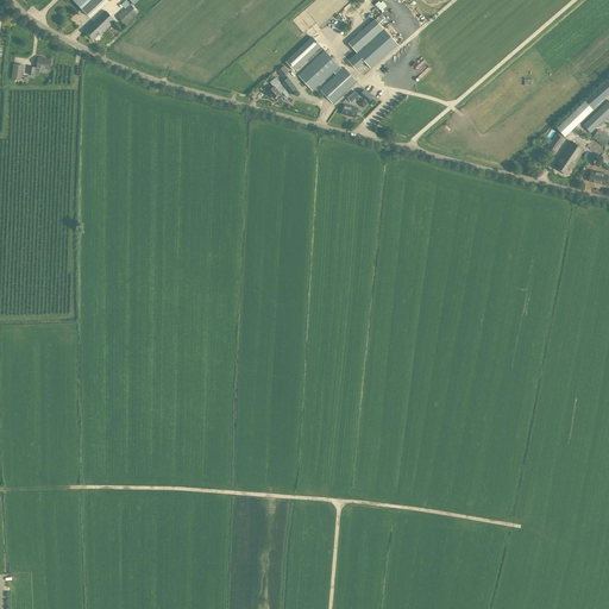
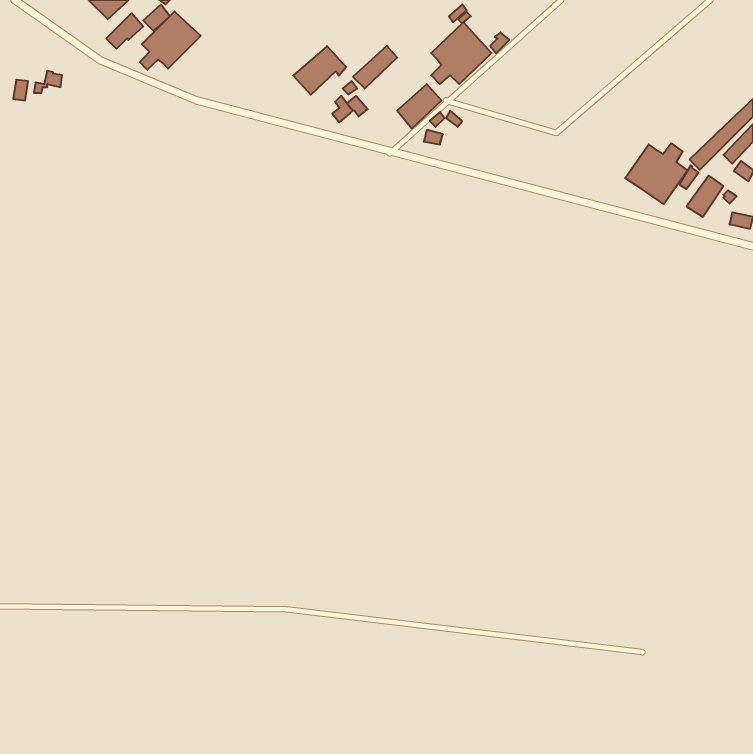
building: none -> [140,11,201,70]
building: [297,51,340,90] -> [293,46,346,95]
building: none -> [625,143,688,204]

